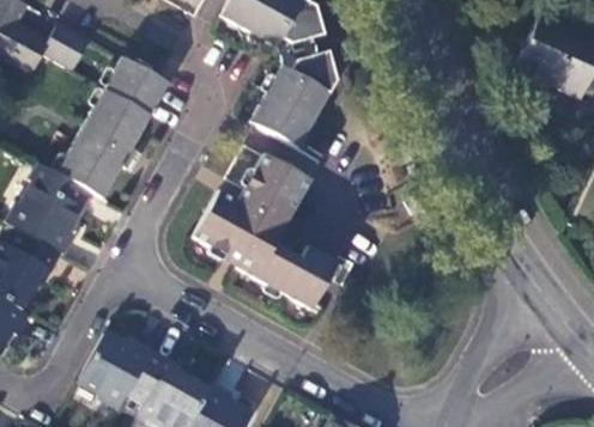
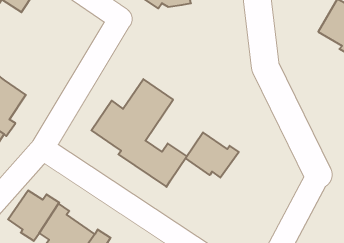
building: [249,53,335,150] -> none
building: [56,57,168,200] -> none
building: none -> [185,132,239,178]

